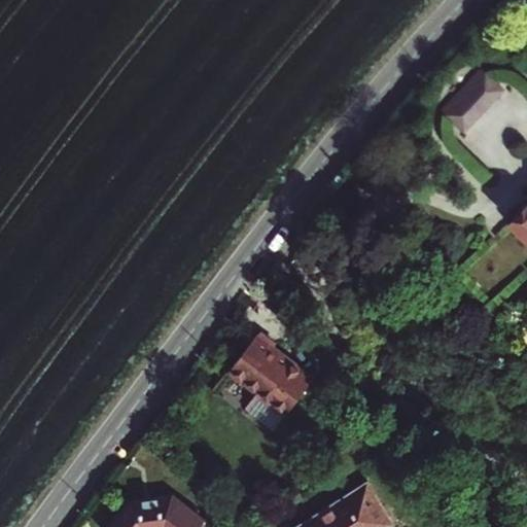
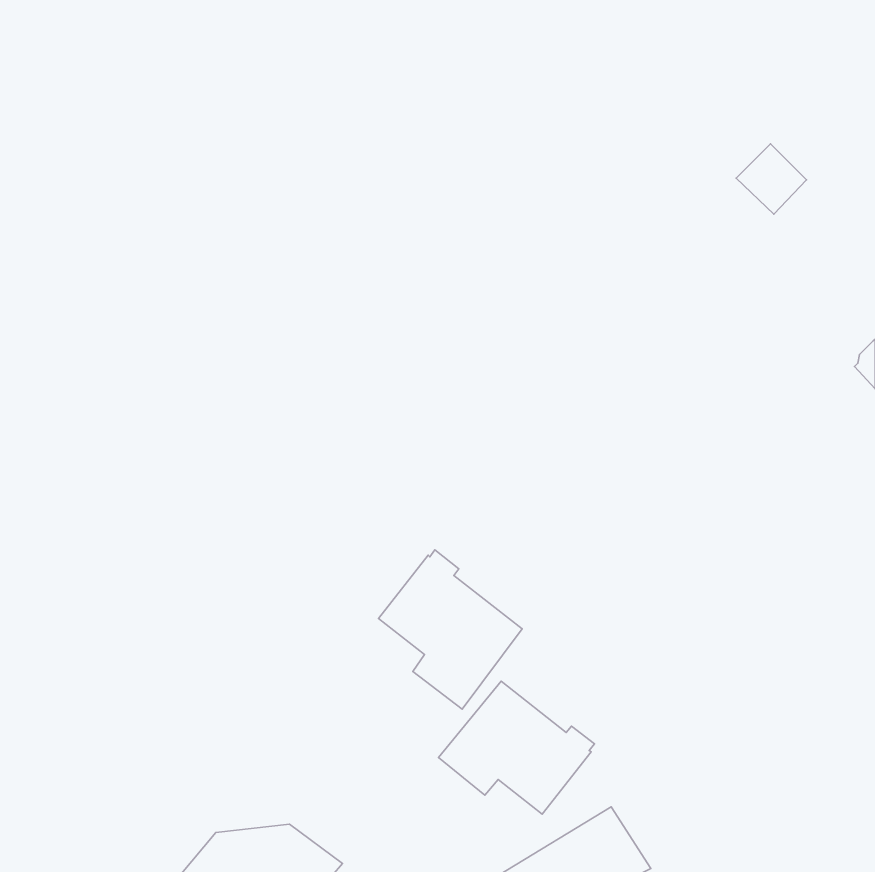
building: [463,68,505,110] -> none
building: none -> [438,681,595,814]

